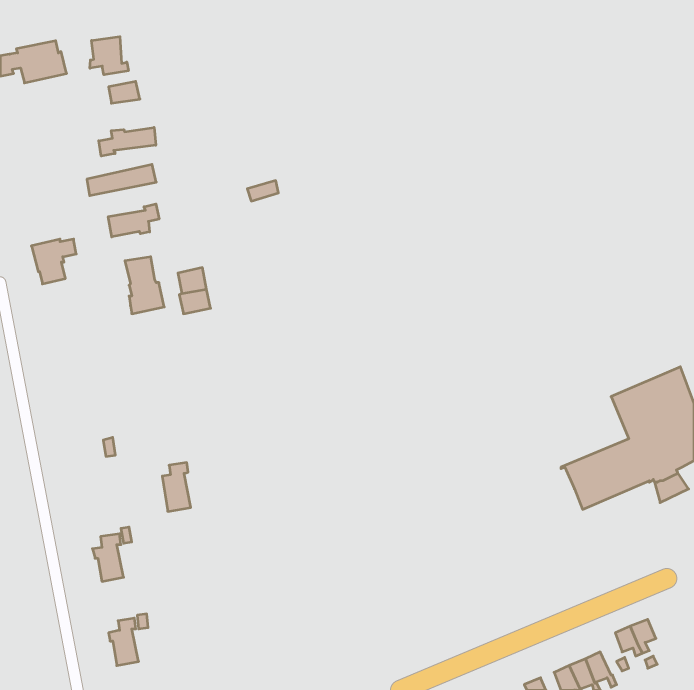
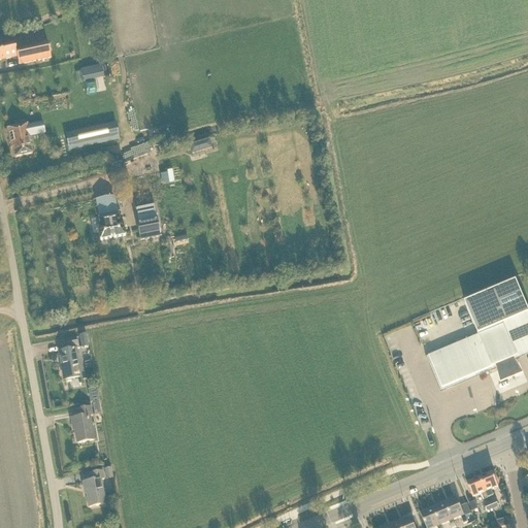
building: [90,37,128,75] -> none
building: [99,127,156,156] -> none
building: [108,204,159,237] -> none
building: [31,239,76,284] -> [6,122,40,156]
building: [162,463,191,511] -> [59,339,80,376]

